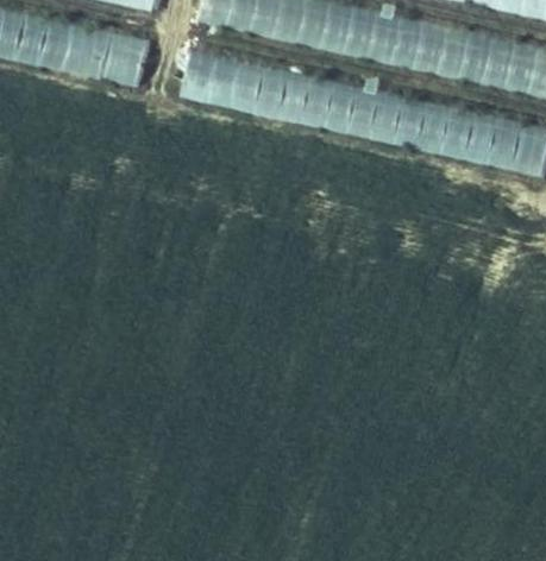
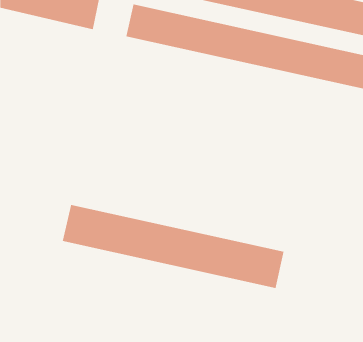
building: none -> [62,204,284,289]

